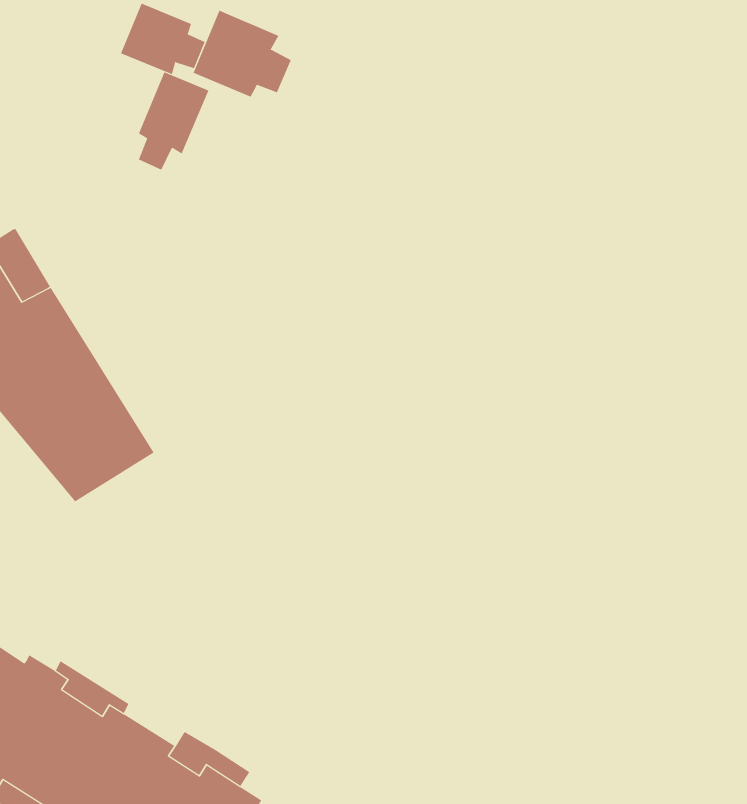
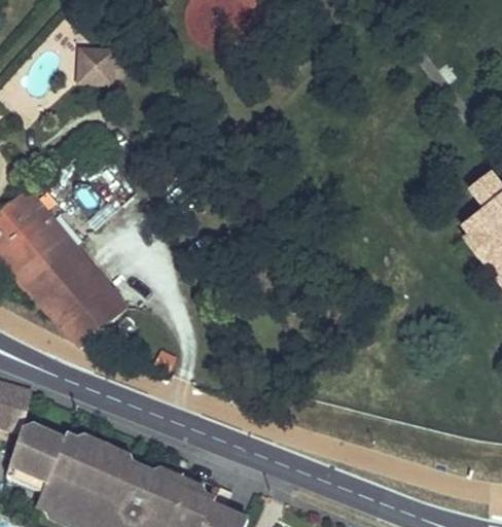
building: [193,10,292,97] -> none
building: [138,72,209,170] -> none

